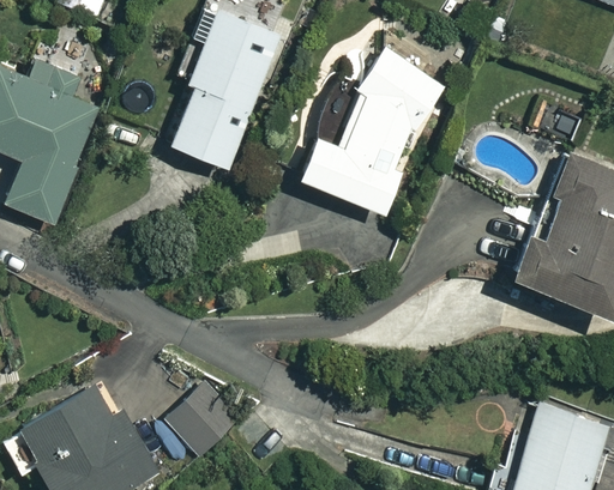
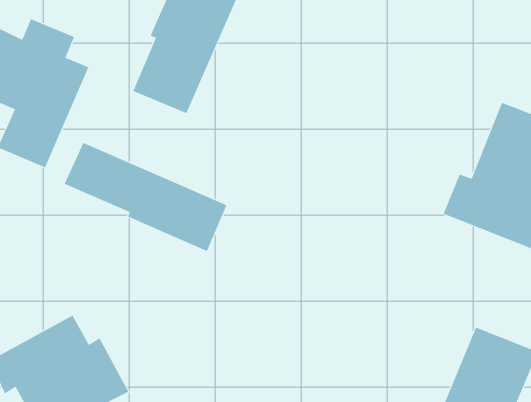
building: [295,50,439,213] -> none
building: none -> [64,142,227,252]
building: [157,386,241,466] -> none

